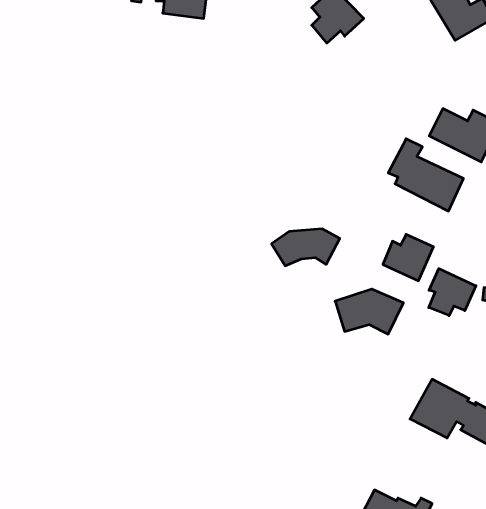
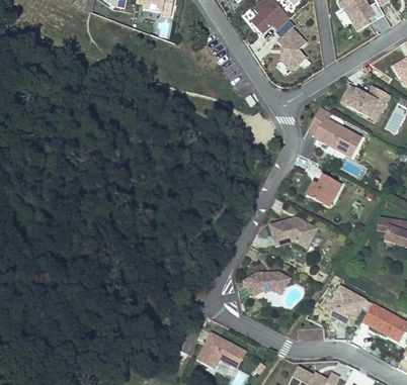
building: none -> [276,25,308,72]
building: [272,229,340,266] -> [242,271,293,298]
building: [429,269,476,316] -> none
building: none -> [195,330,247,370]

